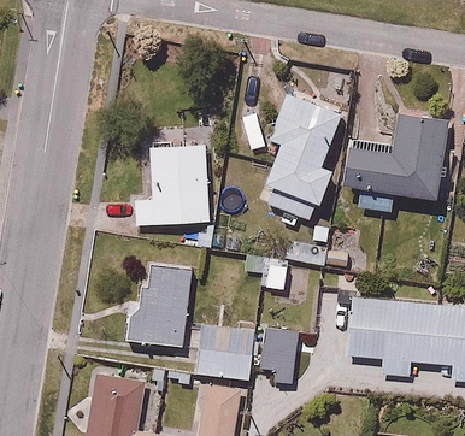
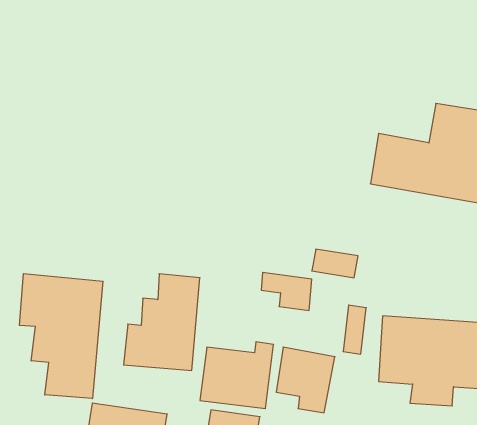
building: [258,90,342,223] -> none
building: [134,146,211,225] -> none
building: none -> [20,274,103,399]

